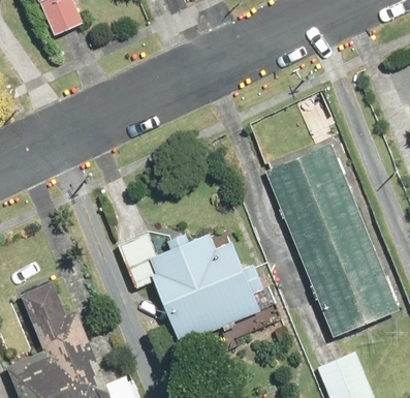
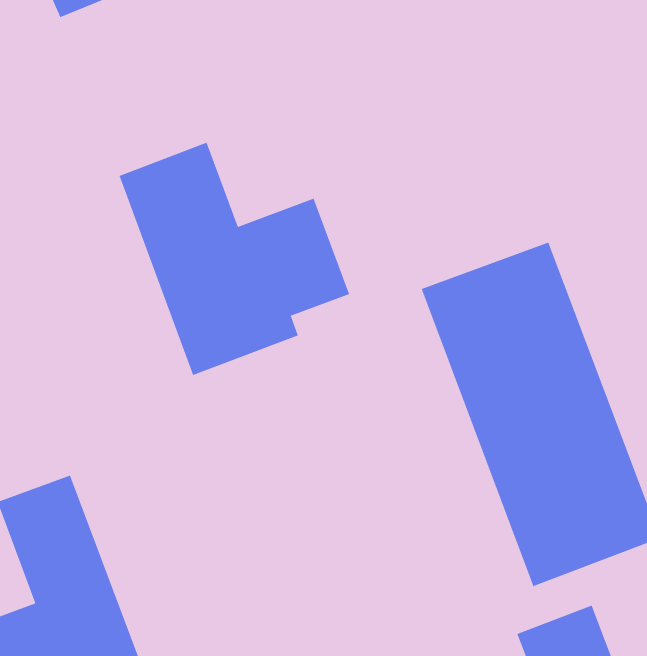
building: none -> [119,142,350,376]
building: [118,226,263,346] -> none

